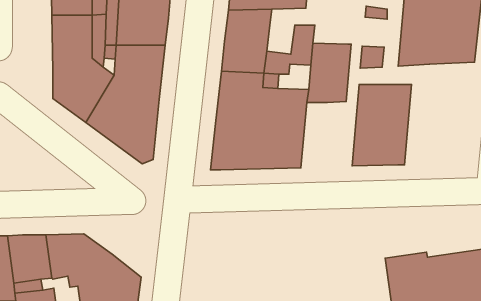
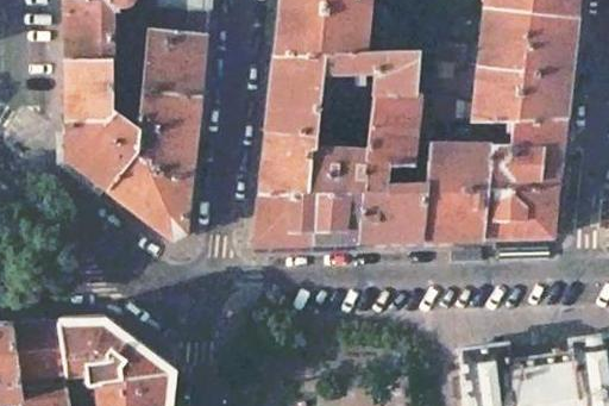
building: none -> [322,50,421,95]
building: none -> [482,117,565,238]
building: none -> [359,164,425,242]

